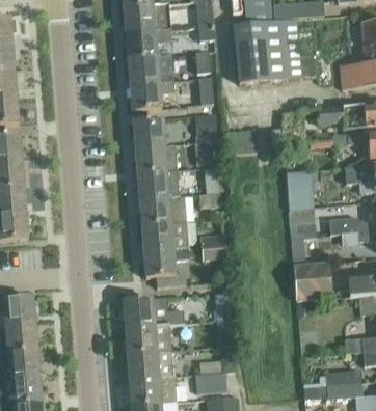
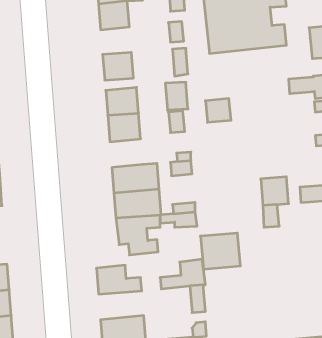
building: [128,55,171,84] -> none
building: [137,169,180,198] -> none
building: [286,169,314,209] -> none
building: [294,263,334,299] -> [200,233,240,269]
building: [126,323,171,352] -> none

